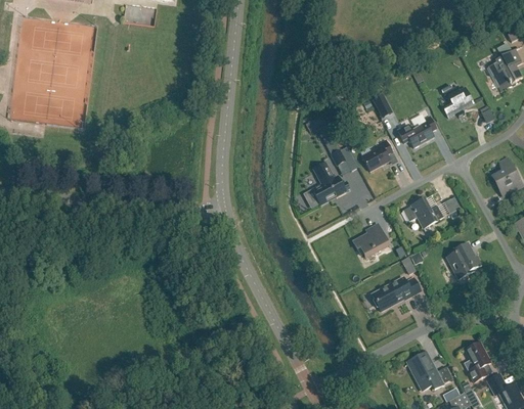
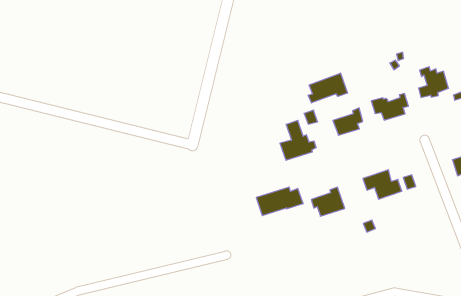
building: none -> [308,73,348,103]
building: [445,241,481,278] -> none
building: [372,276,421,310] -> [256,187,303,216]

